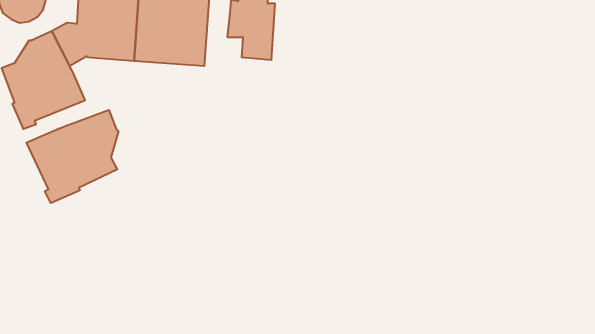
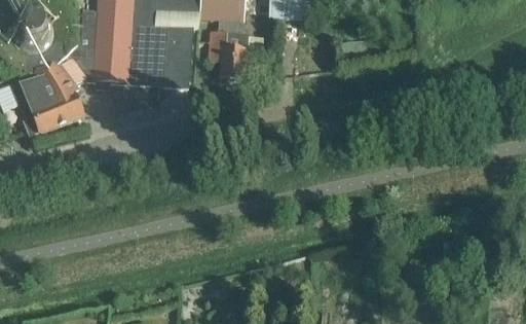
building: [27,110,118,203] -> none

